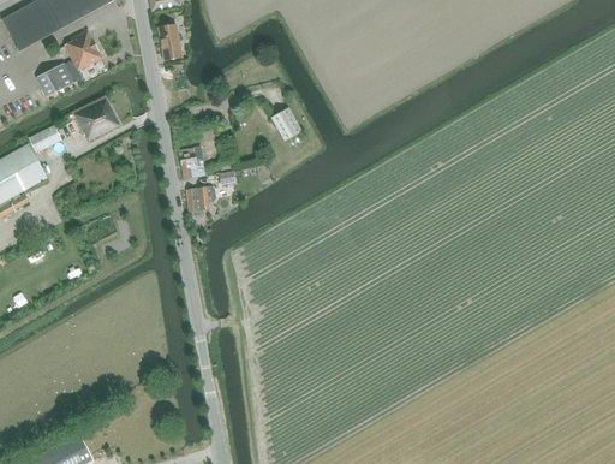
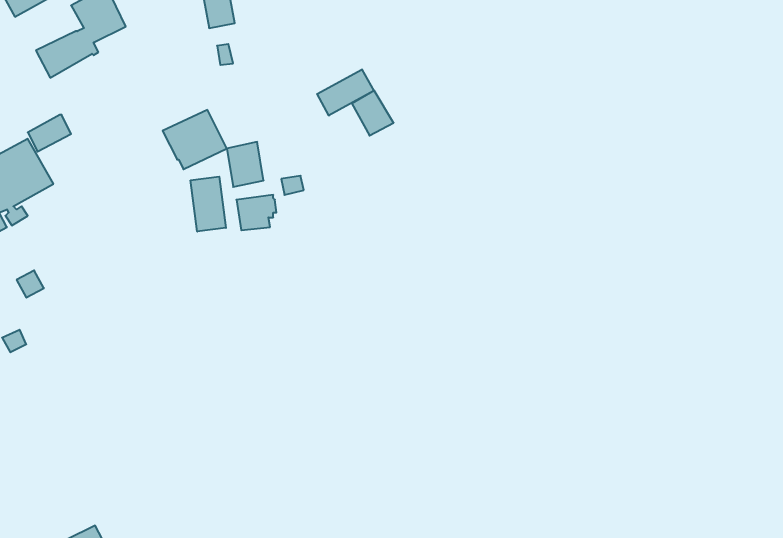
building: none -> [317,69,374,116]
building: [71,96,119,141] -> [163,110,227,169]
building: none -> [191,177,226,232]

